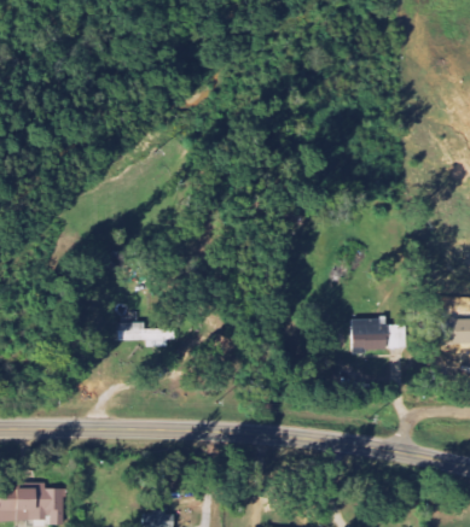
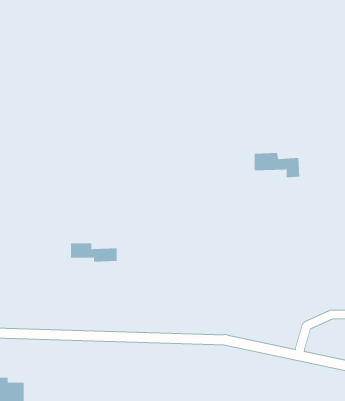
building: [350,318,406,349] -> [254,153,300,178]

